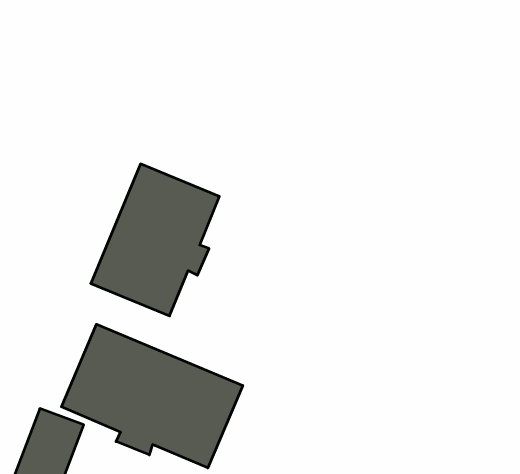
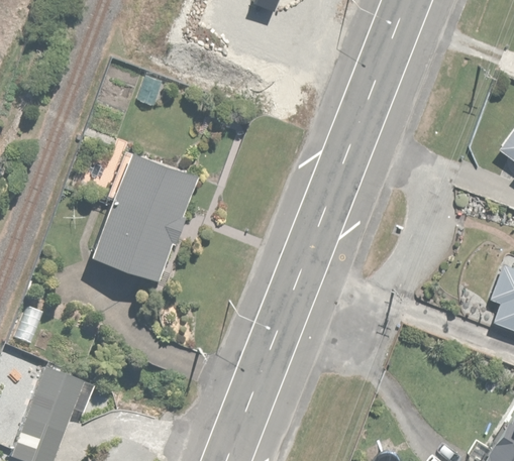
building: [61,324,243,468] -> none

